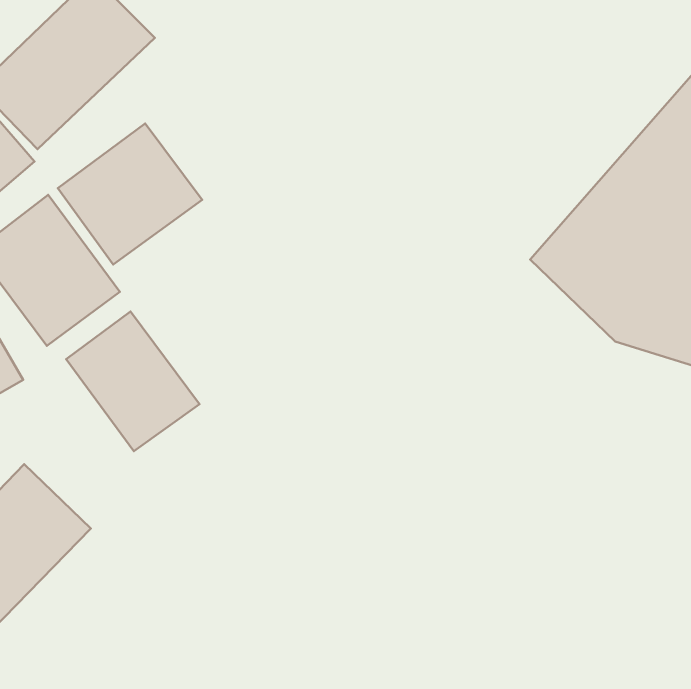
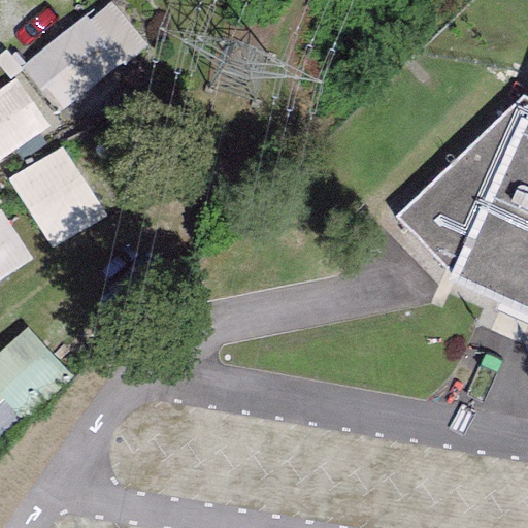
building: [58,123,202,265] -> none
building: [66,311,199,451] -> none

